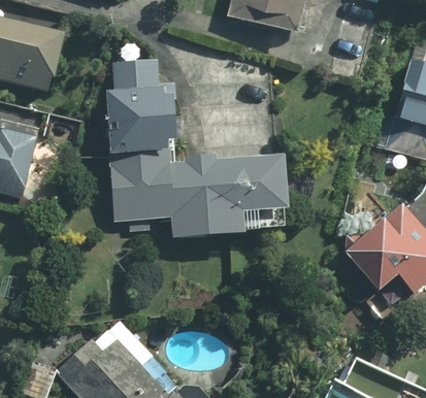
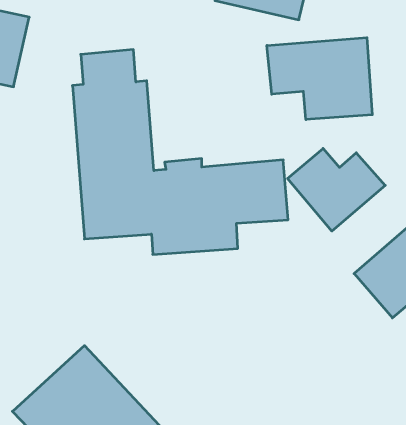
building: none -> [267,38,372,120]
building: none -> [288,148,385,231]

